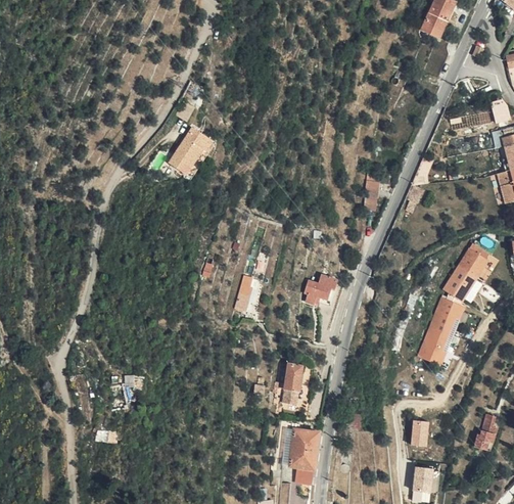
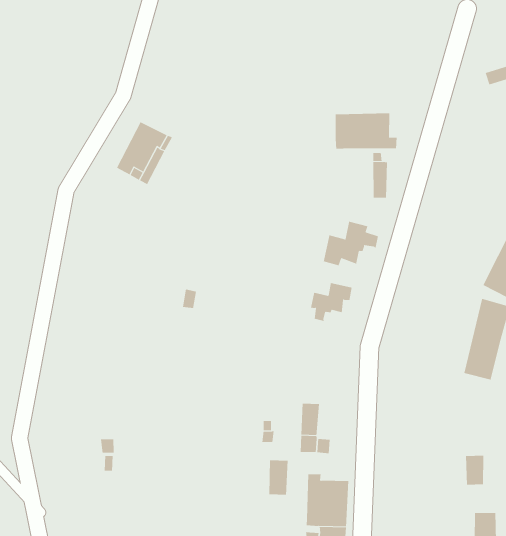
building: none -> [335,112,397,150]
building: none -> [323,221,378,266]
building: [235,278,255,312] -> none
building: none -> [269,460,288,495]

